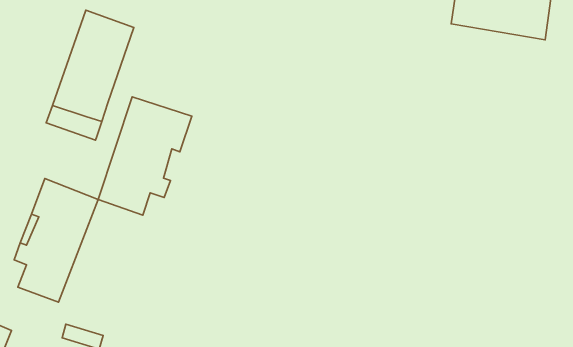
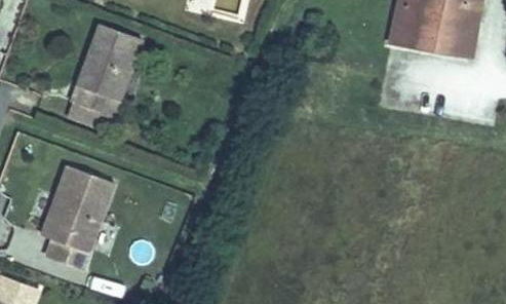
building: [98,97,192,215] -> none

